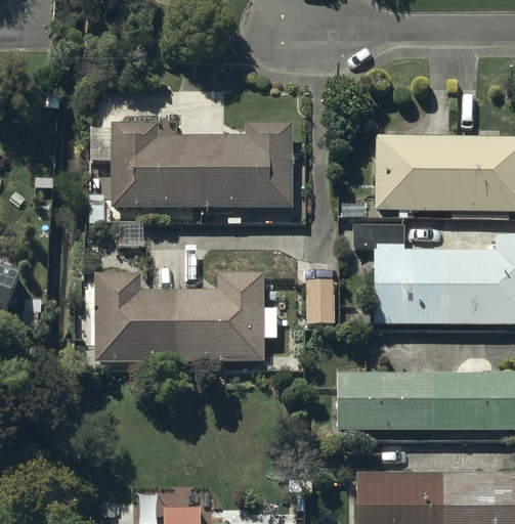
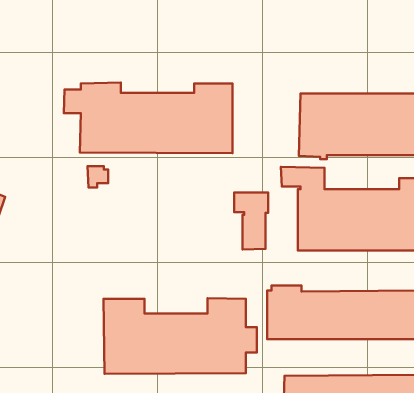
building: [94,271,278,362] -> [104,298,257,374]

